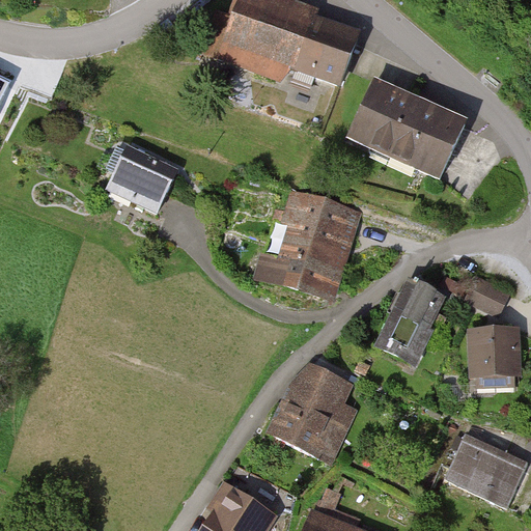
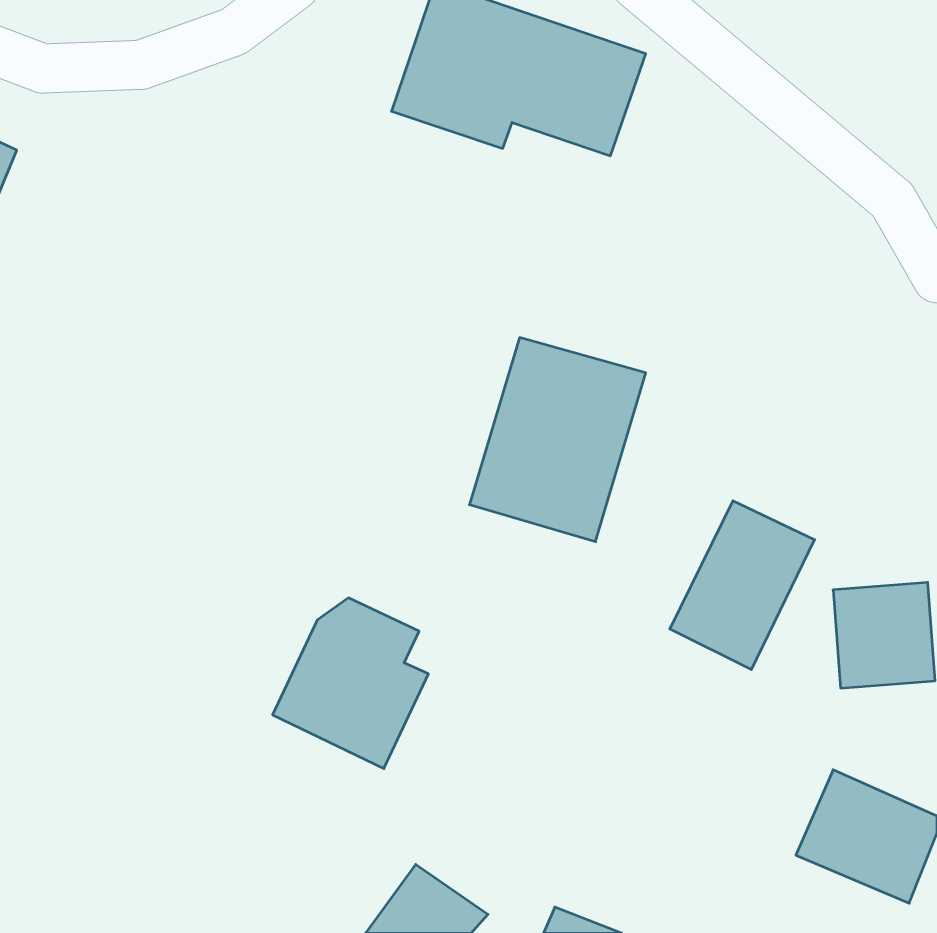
building: [348,79,464,174] -> none
building: [104,142,176,216] -> none
building: [457,267,509,311] -> none
building: [268,366,355,462] -> [273,598,428,769]

